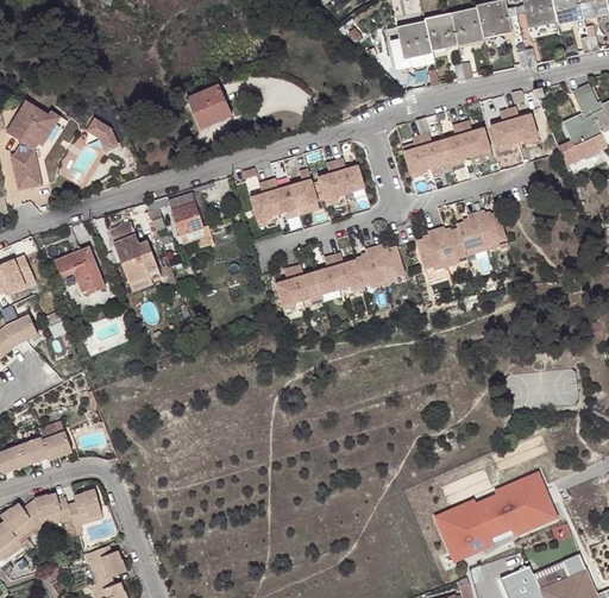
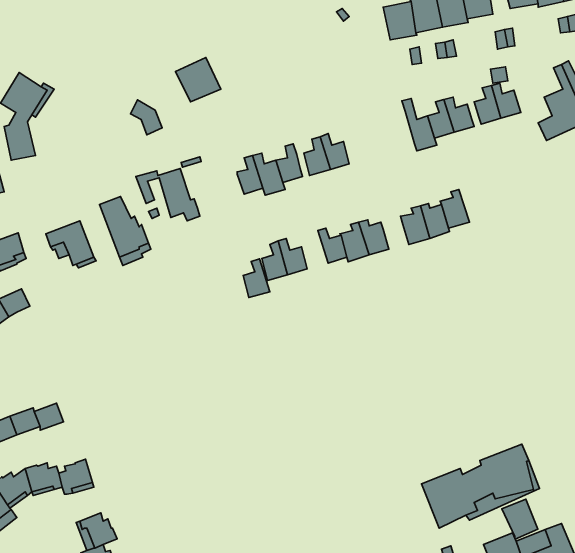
building: [88,117,120,152] -> [131,100,162,135]
building: [401,136,429,176] -> none
building: [475,213,506,248] -> none
building: [314,257,341,296] -> [243,259,270,298]
building: none -> [502,499,538,539]

